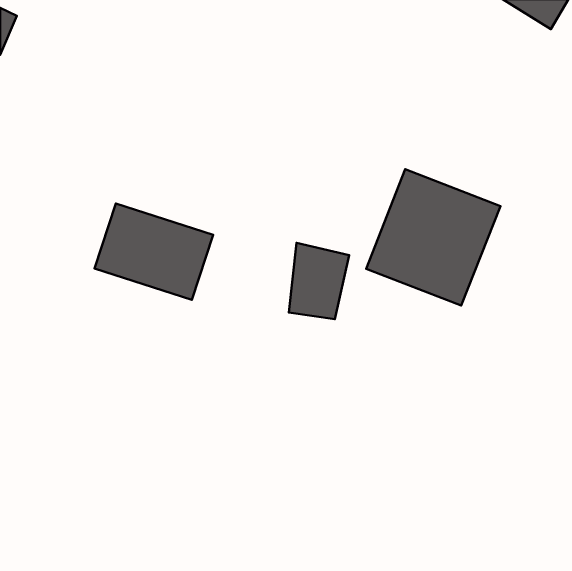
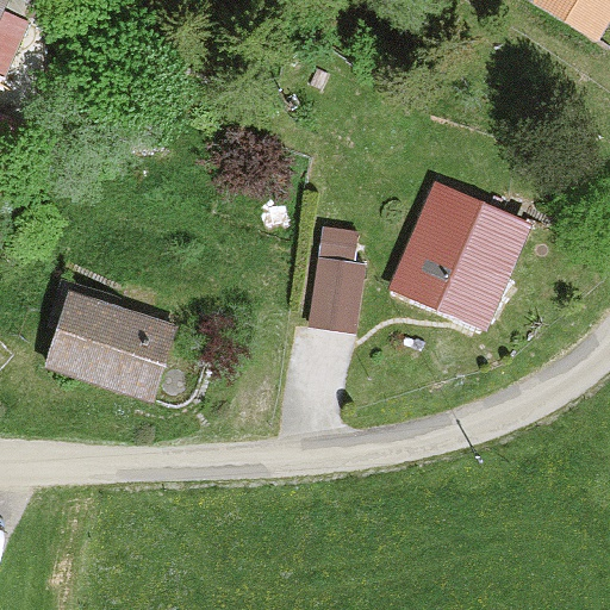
building: [94,203,213,300] -> [48,295,174,398]

